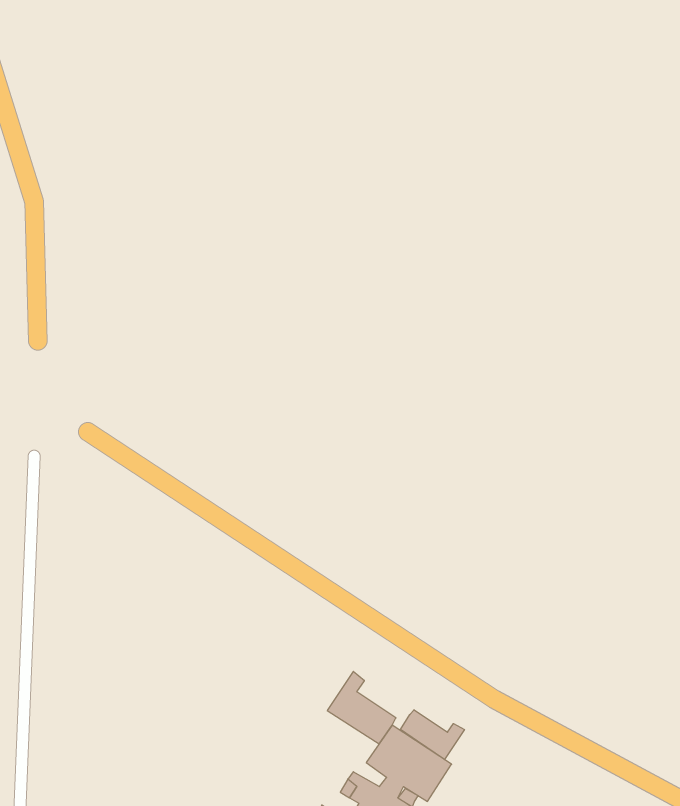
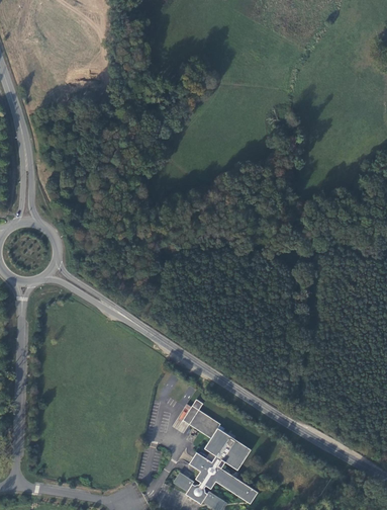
building: [401,710,464,760] -> none

